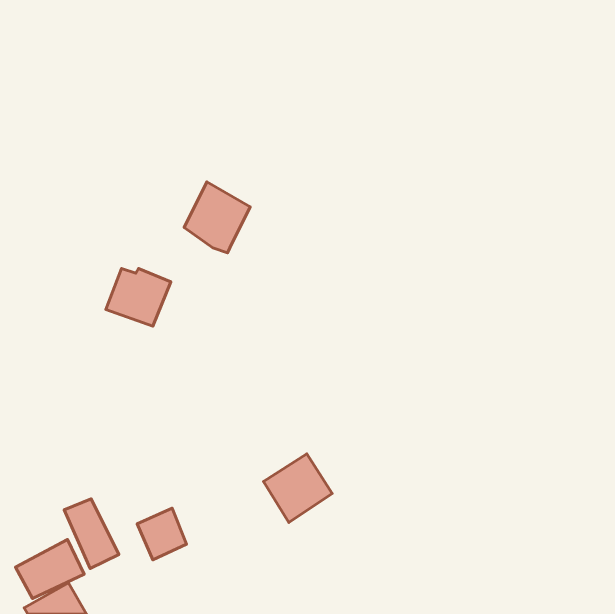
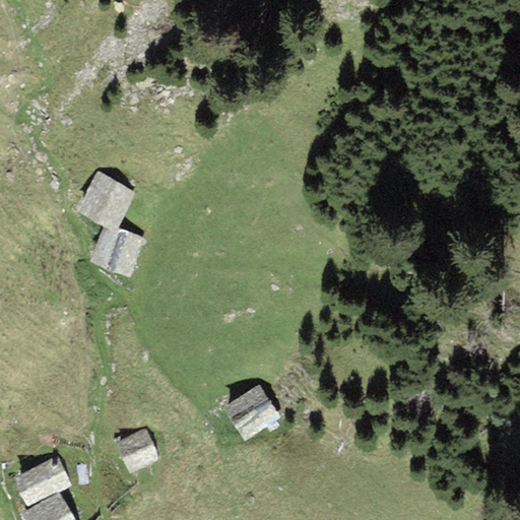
building: [184,182,250,253] -> [78,171,134,231]
building: [64,499,119,568] -> none

